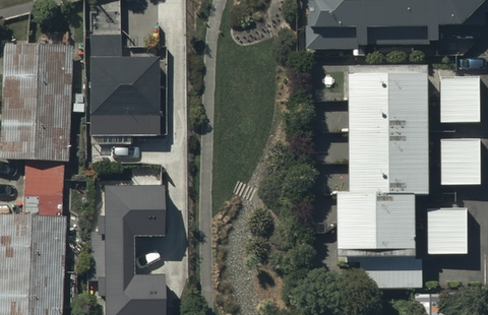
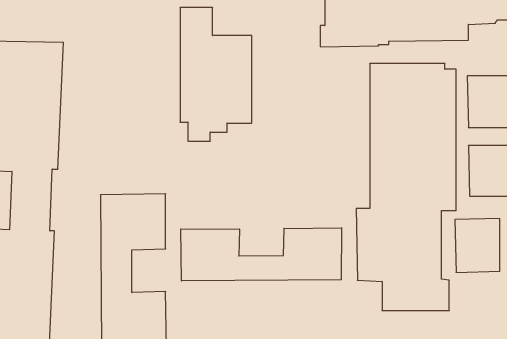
building: [89,34,155,154] -> [180,8,252,141]
building: none -> [181,228,342,281]

